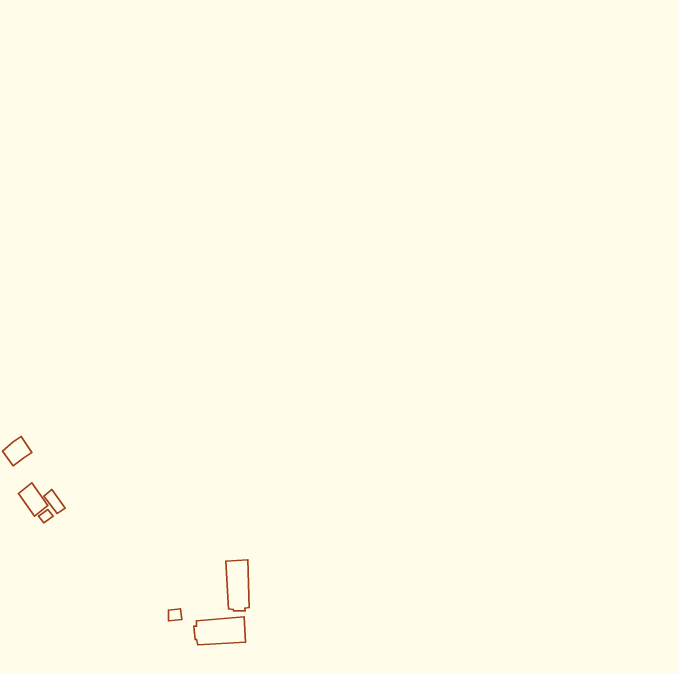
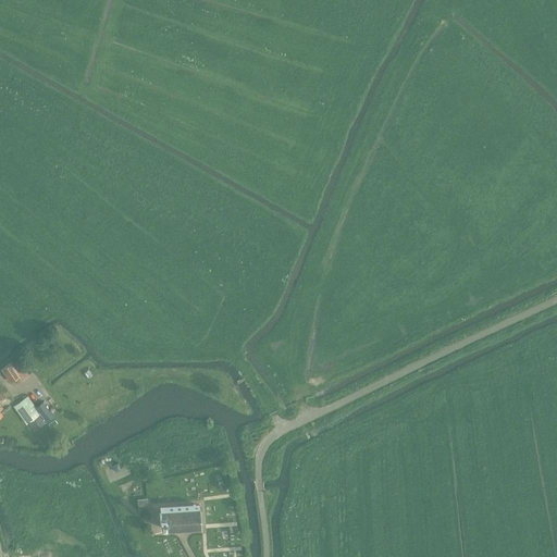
building: [226,560,249,611] -> none

